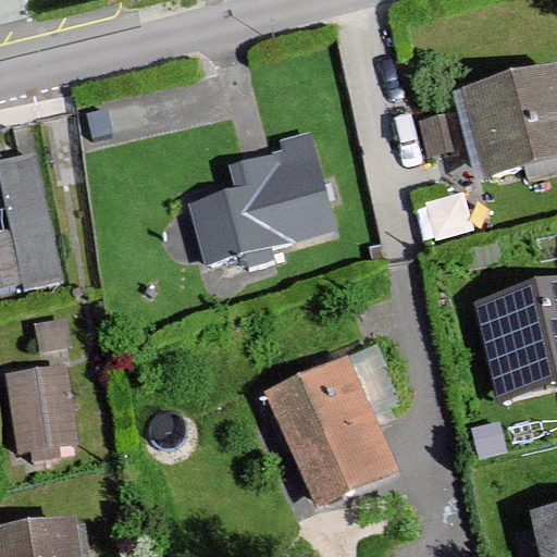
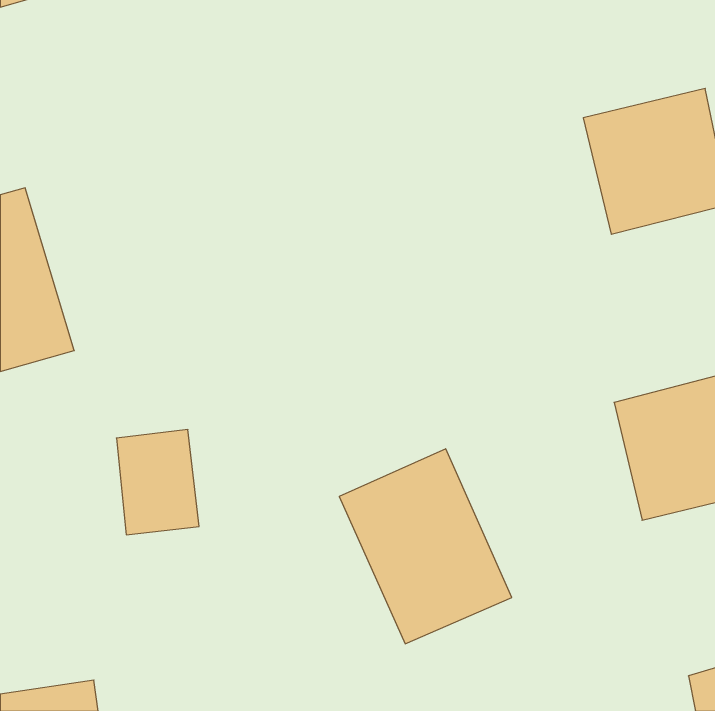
building: [187,144,332,262] -> none
building: [9,370,73,451] -> [116,430,199,535]

